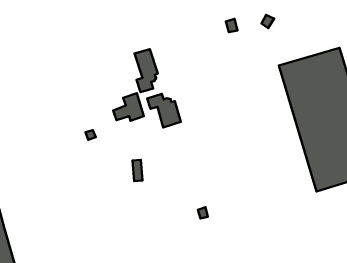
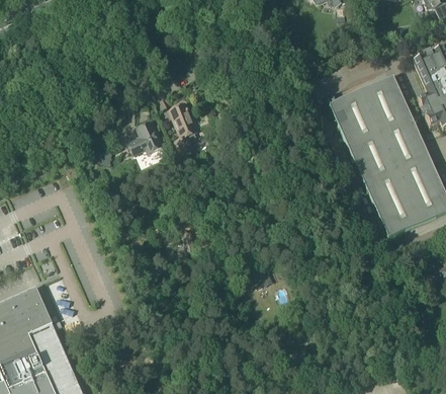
building: [113,93,144,121] -> [127,122,162,154]
building: [147,94,181,127] -> none

